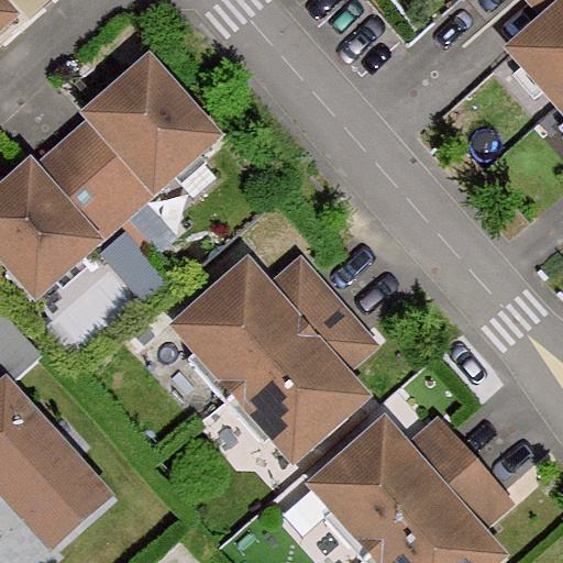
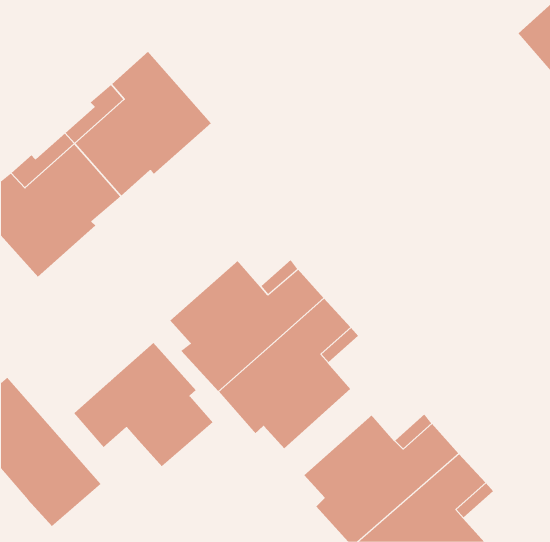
building: none -> [73,342,213,467]

